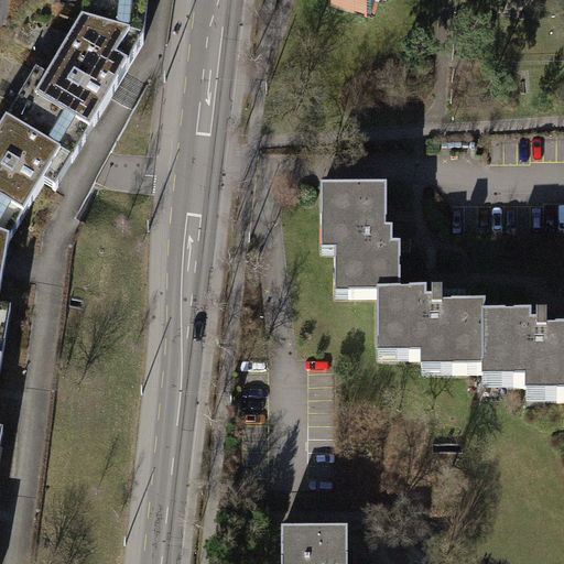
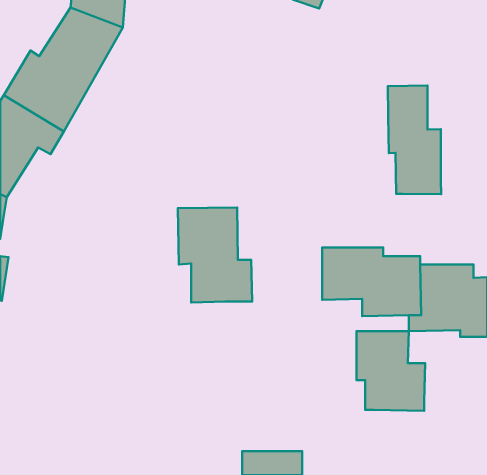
building: none -> [388,85,441,194]
building: [317,177,403,288] -> [178,207,252,303]
building: none -> [356,331,425,411]

